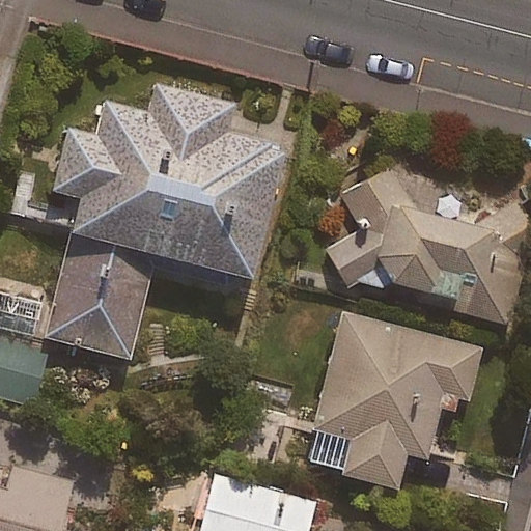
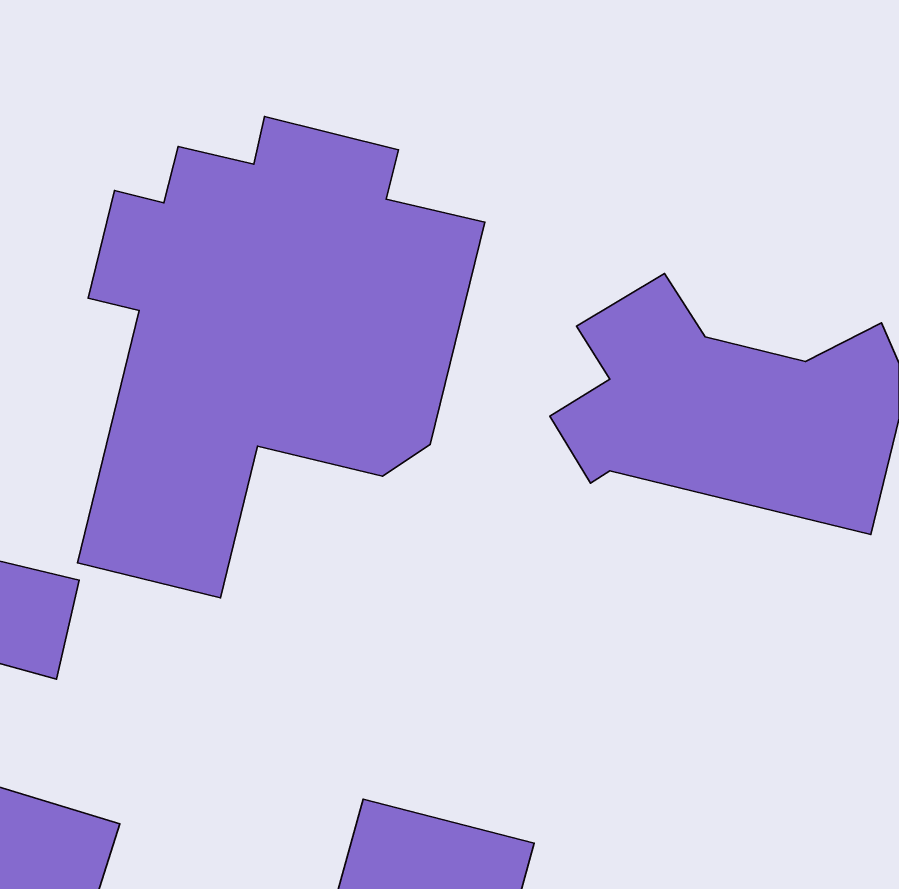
building: [307,313,481,483] -> none

